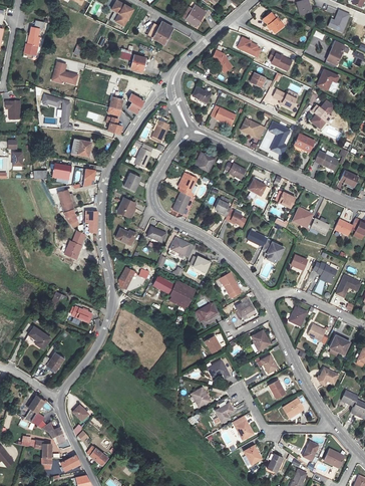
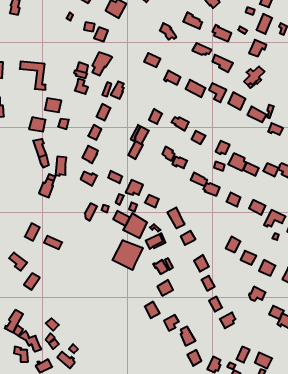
building: [50,61,77,84] -> none
building: none -> [112,240,143,270]

